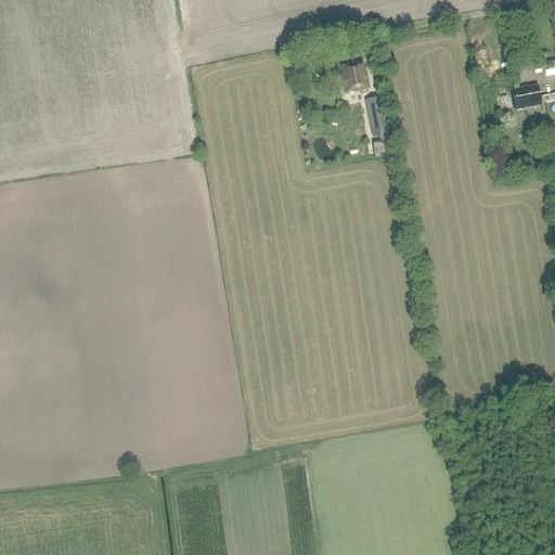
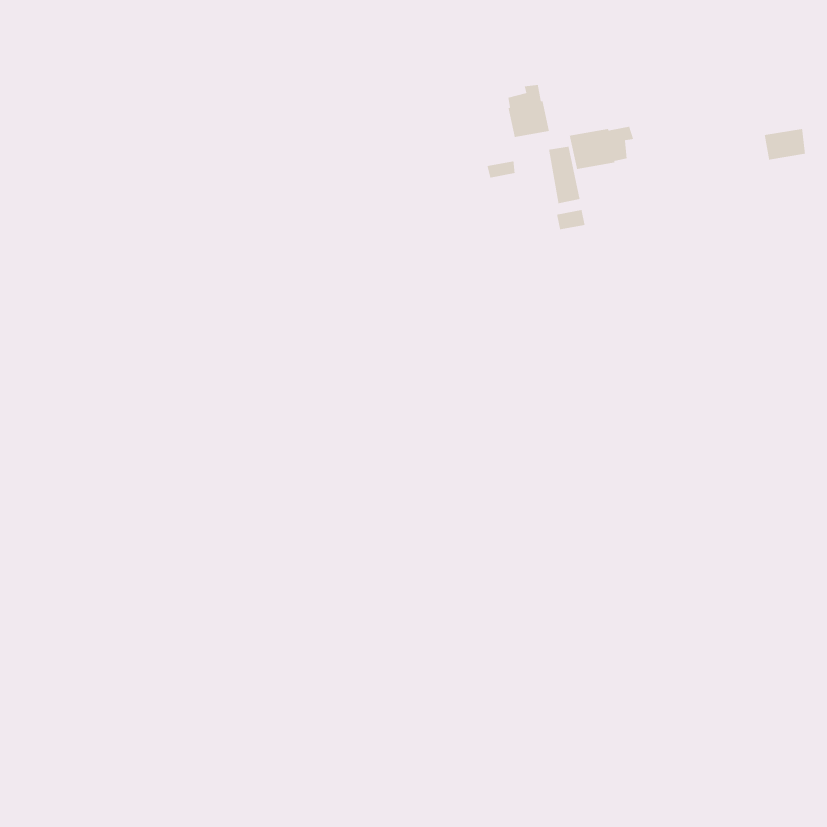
building: none -> [569,126,634,170]

